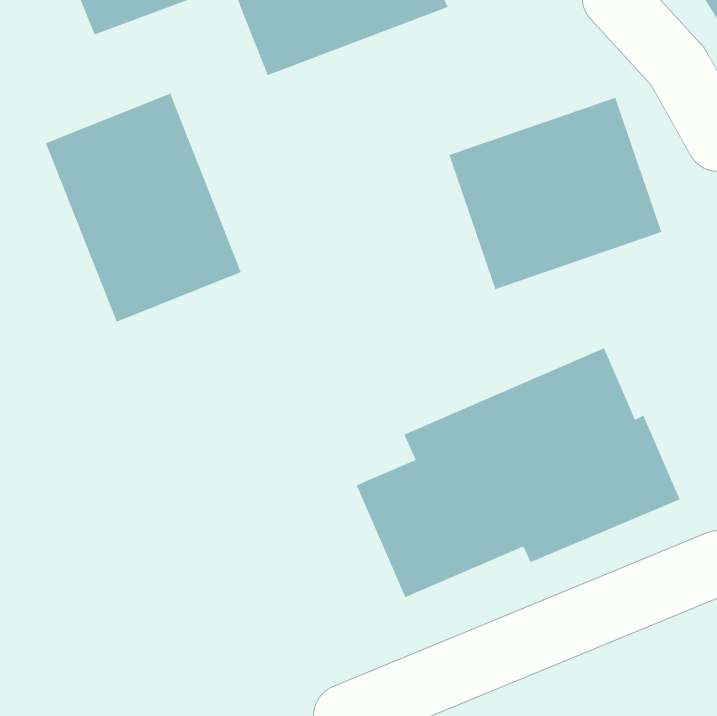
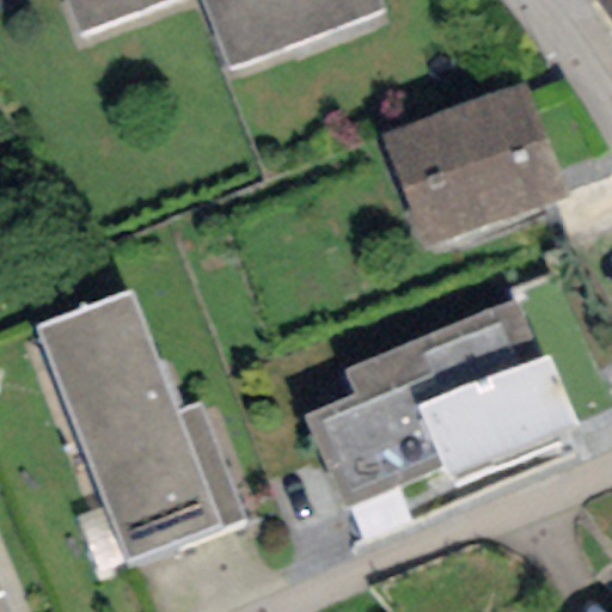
building: [45,93,242,323] -> none
building: none -> [35,288,246,558]

